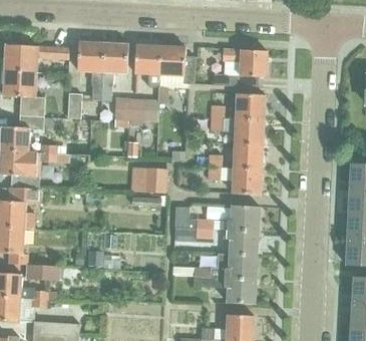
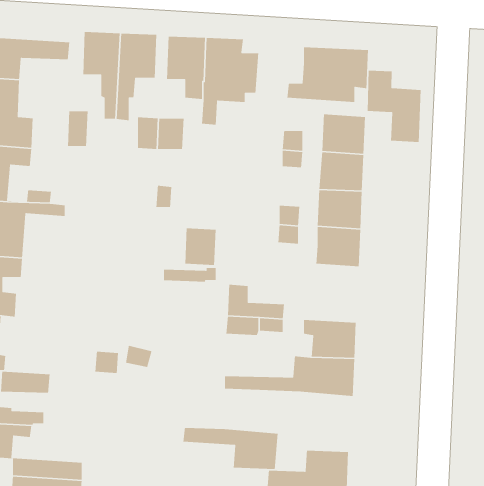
building: none -> [367,70,421,143]
building: [224,207,260,232] -> none
building: [194,277,257,305] -> [183,427,279,470]

